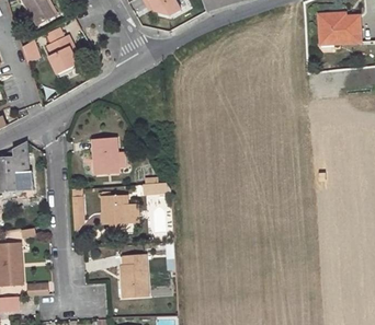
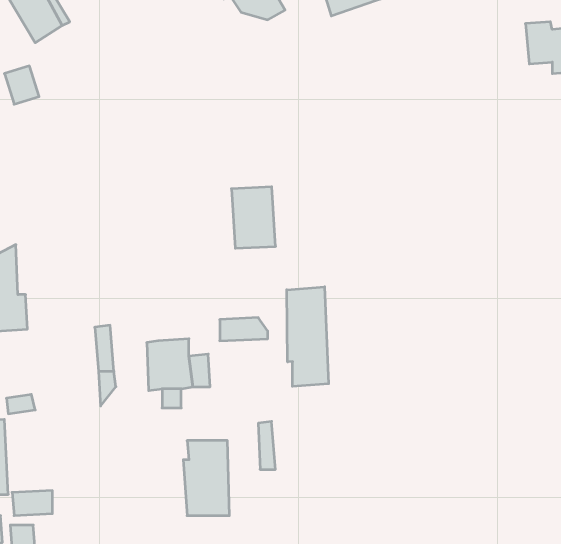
building: [47,36,79,76] -> none
building: [92,137,117,172] -> [231,187,276,248]
building: none -> [287,287,329,386]

